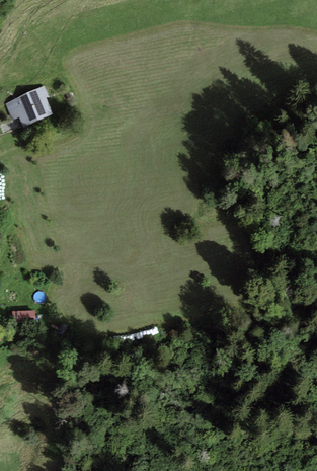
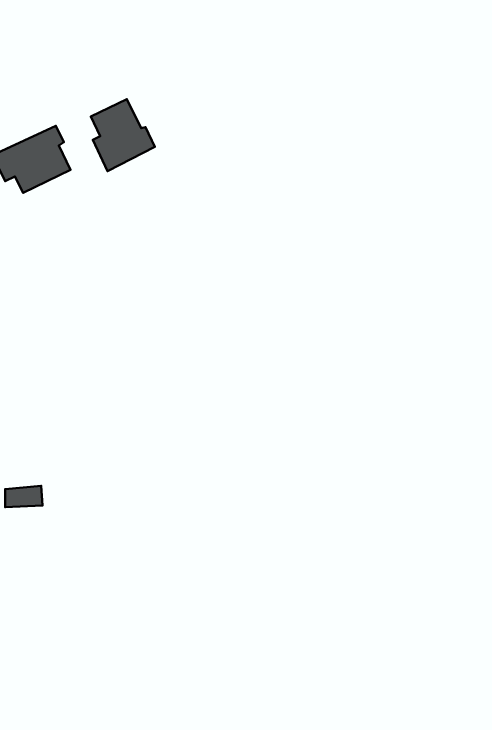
building: none -> [91,99,155,171]

